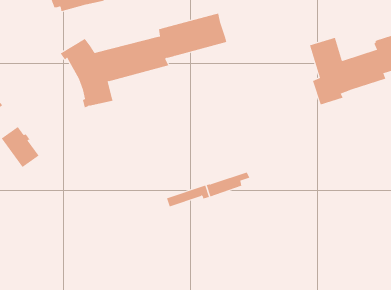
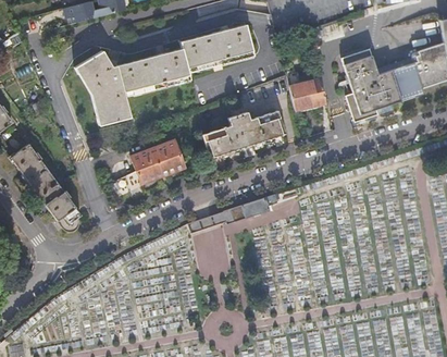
building: none -> [288,75,326,111]
building: none -> [203,110,285,157]
building: none -> [110,139,184,198]
building: none -> [34,176,82,233]

